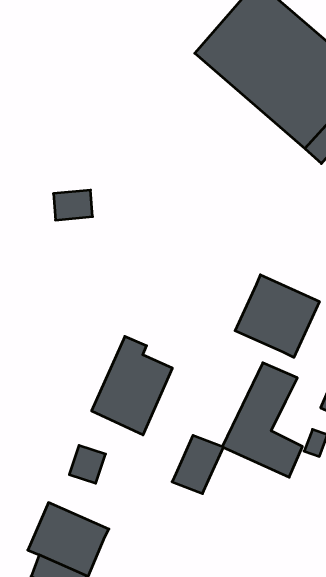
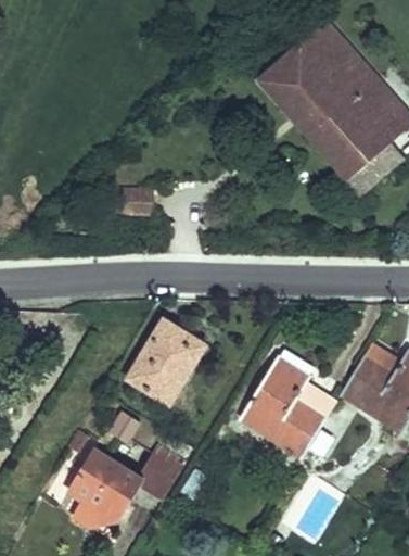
building: [235,275,319,357] -> none
building: none -> [287,391,329,433]
building: [172,435,224,494] -> [127,453,177,506]

